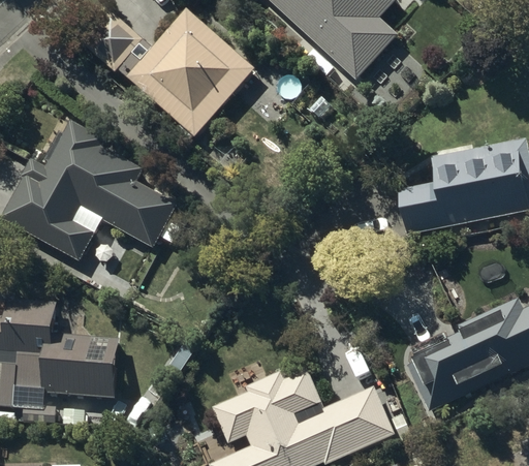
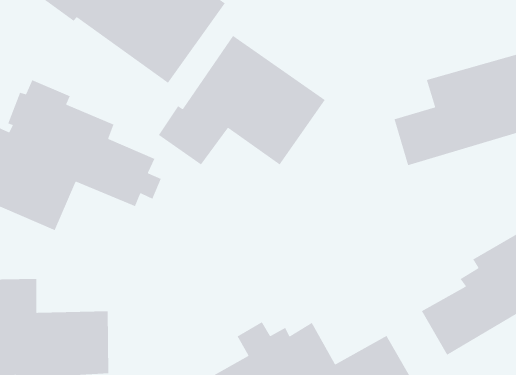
building: none -> [158,35,326,166]

